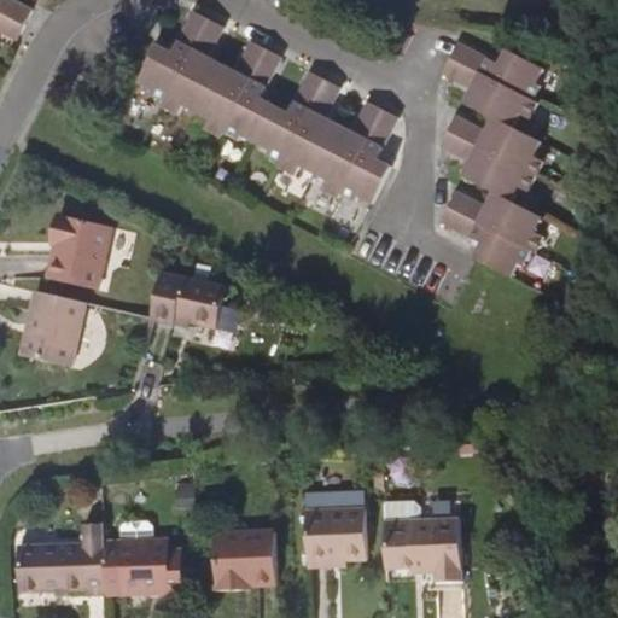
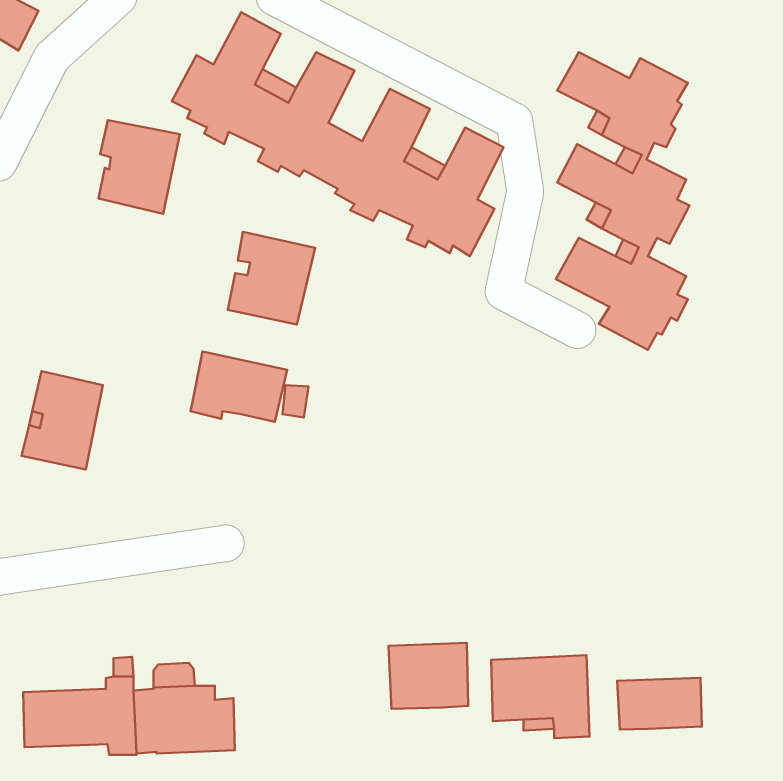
building: none -> [228,232,315,324]
building: [46,218,110,292] -> [99,120,180,214]
building: [215,530,278,591] -> none
building: none -> [617,678,702,729]

